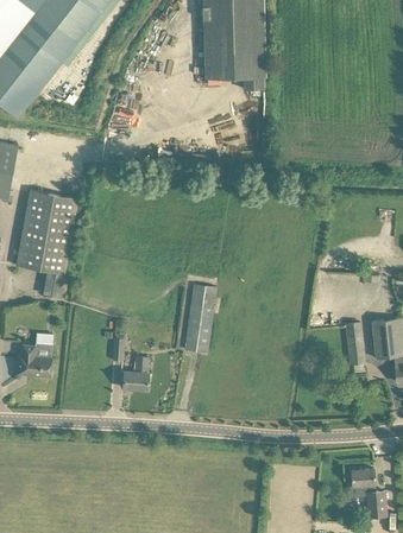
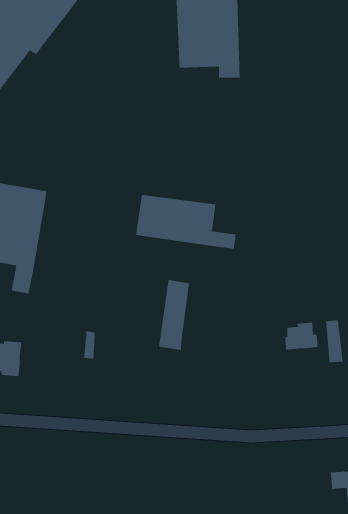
building: none -> [136,194,236,250]
building: none -> [285,322,318,350]
building: [122,355,149,389] -> none

